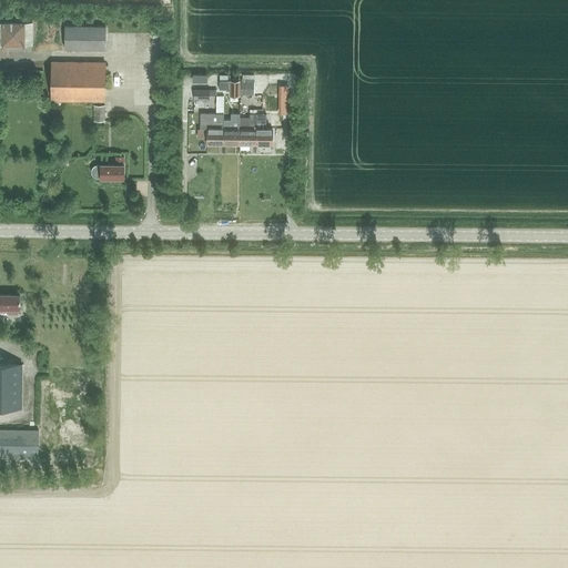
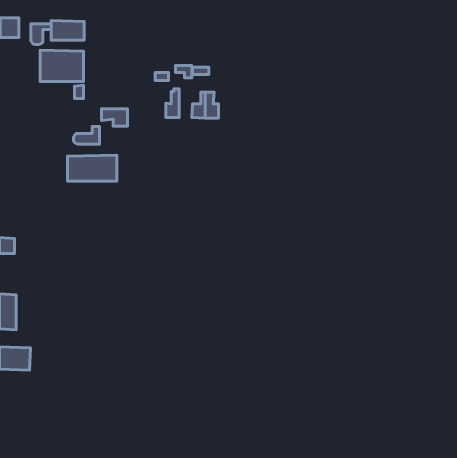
building: none -> [31,24,51,44]
building: [222,113,239,145] -> none
building: none -> [101,109,128,126]
building: none -> [67,155,117,181]

